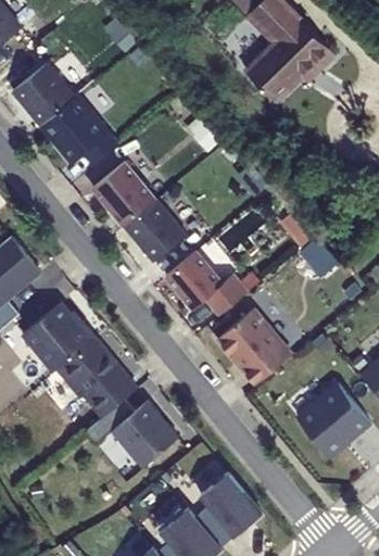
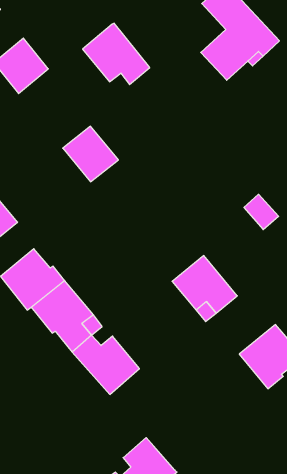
building: [41,93,117,163] -> [83,23,150,85]
building: [123,197,185,260] -> none
building: [162,251,243,315] -> none
building: [194,478,261,549] -> none

